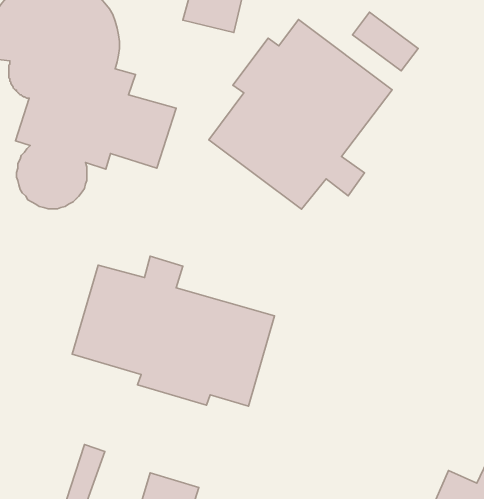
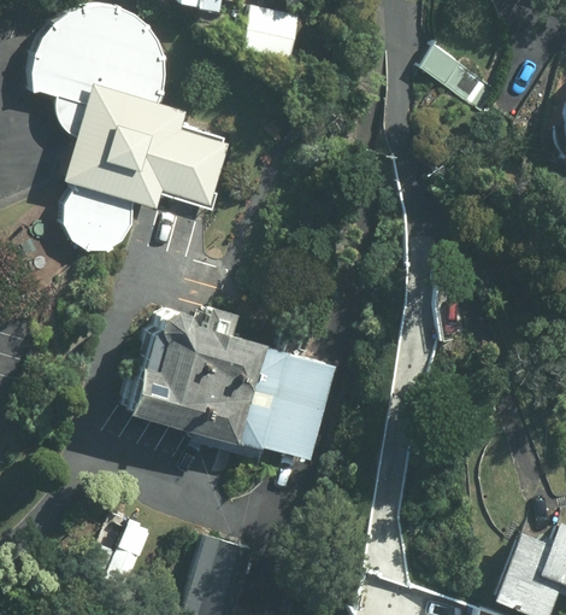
building: [209,20,392,209] -> none

